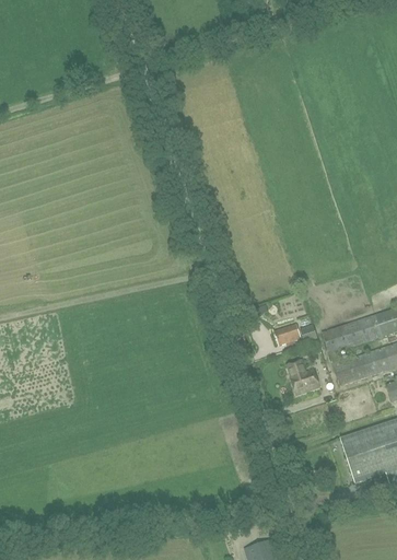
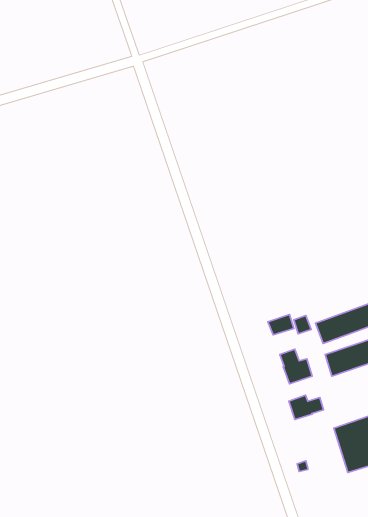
building: none -> [289,395,324,419]

